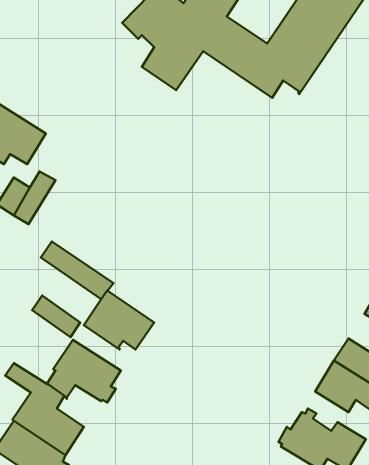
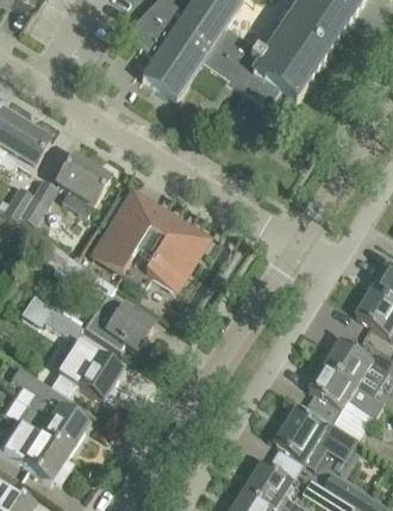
building: none -> [55,155,108,214]
building: none -> [98,191,201,289]

